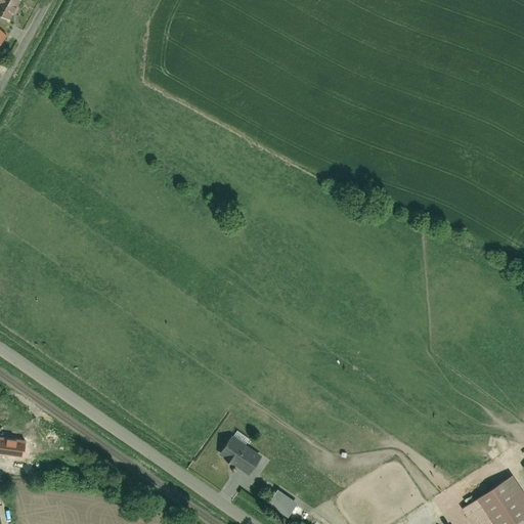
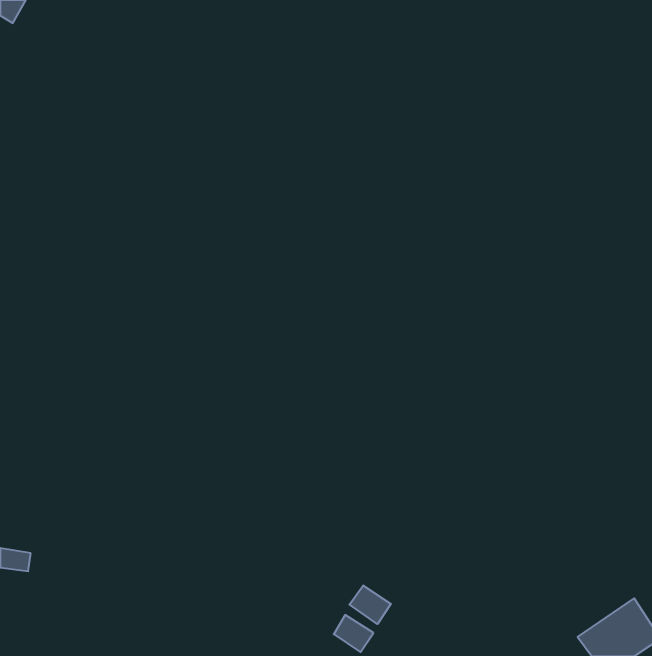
building: [222,438,259,473] -> none
building: none -> [349,585,391,624]

